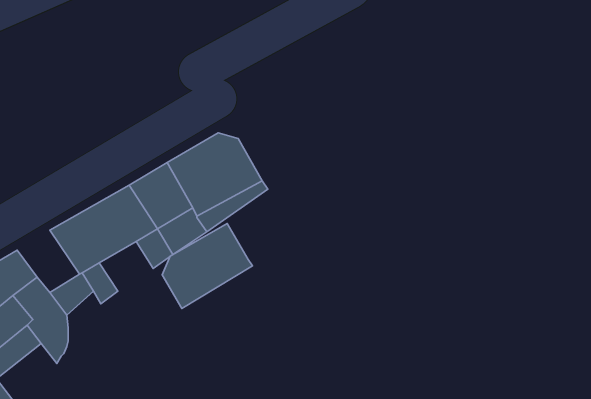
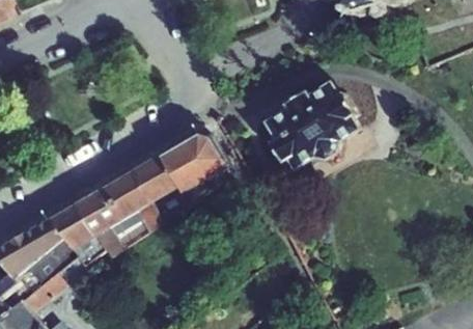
building: none -> [265,81,361,169]
building: [162,223,253,309] -> none
building: none -> [49,203,94,249]

